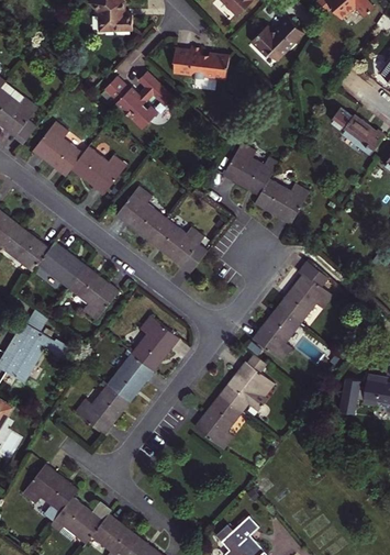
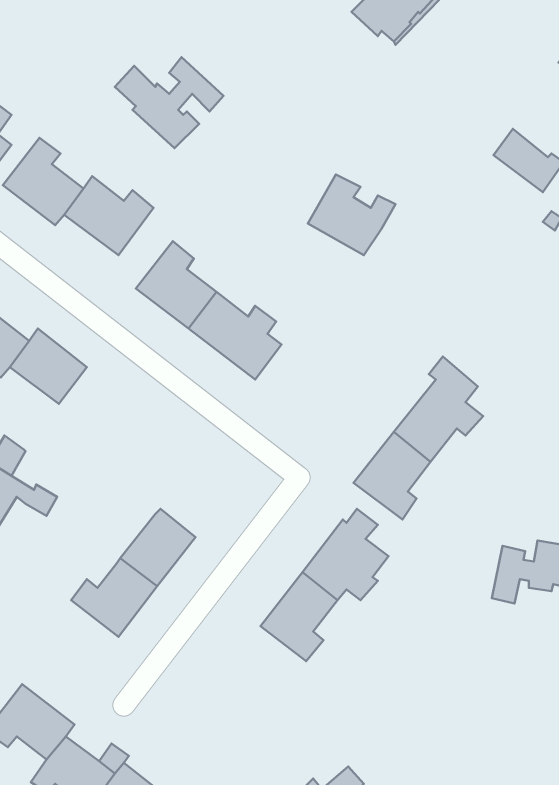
building: [170,45,229,78] -> none
building: [254,178,309,224] -> none
building: [67,265,119,320] -> none
building: [131,315,179,371] -> none

